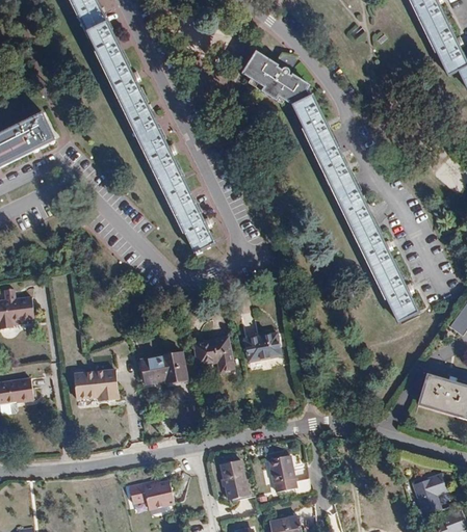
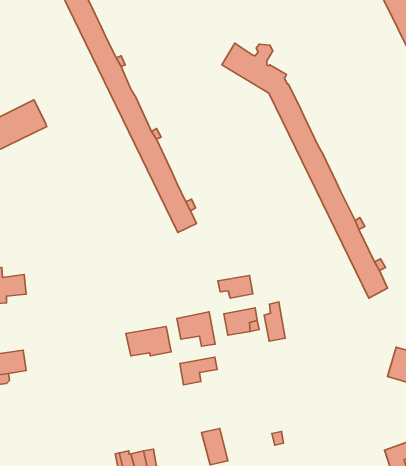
building: none -> [218,275,253,298]
building: none -> [264,302,285,341]
building: [73,369,119,401] -> none
building: none -> [180,357,217,385]
building: [268,459,292,483] -> none

